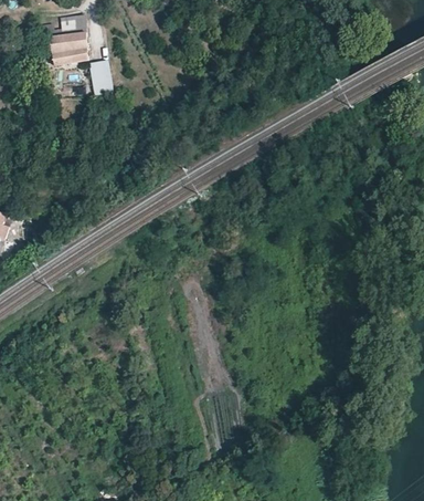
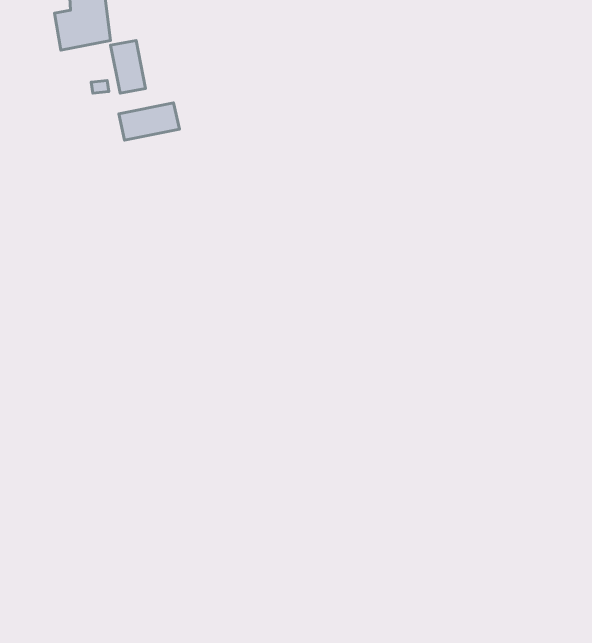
building: none -> [119,103,179,140]

